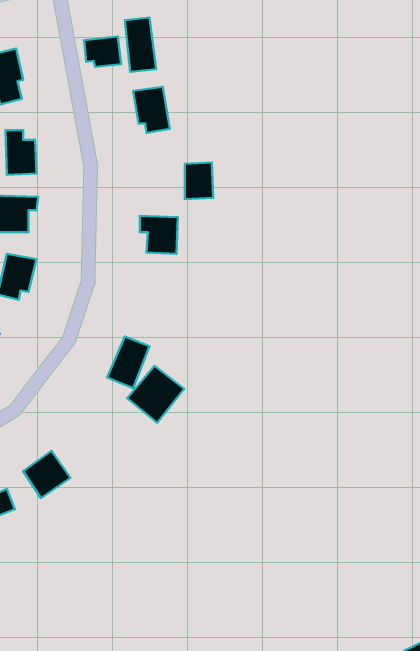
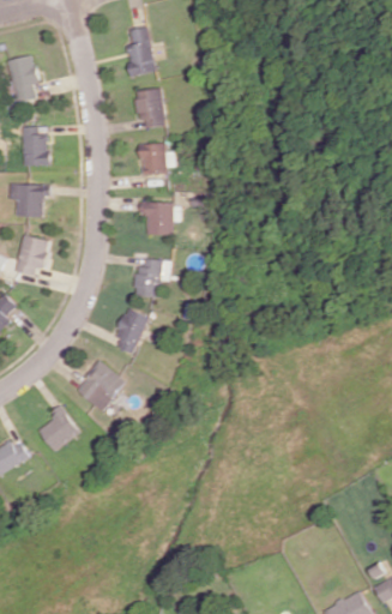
building: [84,37,121,67] -> none
building: [185,162,213,199] -> [141,143,167,175]
building: none -> [134,259,170,296]
building: [127,366,184,423] -> [76,361,126,411]

